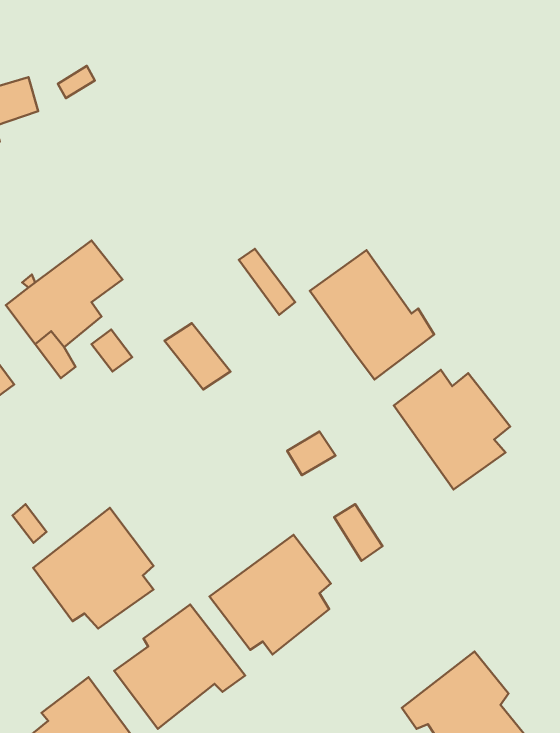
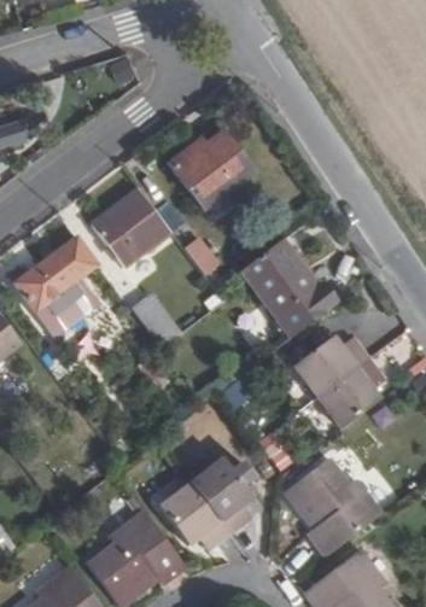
building: none -> [171,134,251,210]
building: none -> [91,192,170,269]
building: [33,508,154,629] -> none
building: none -> [288,453,383,549]

